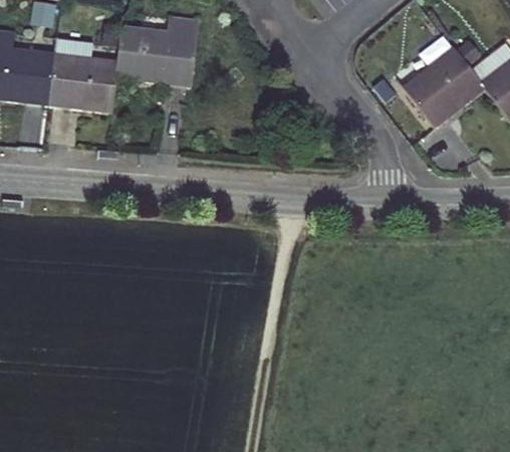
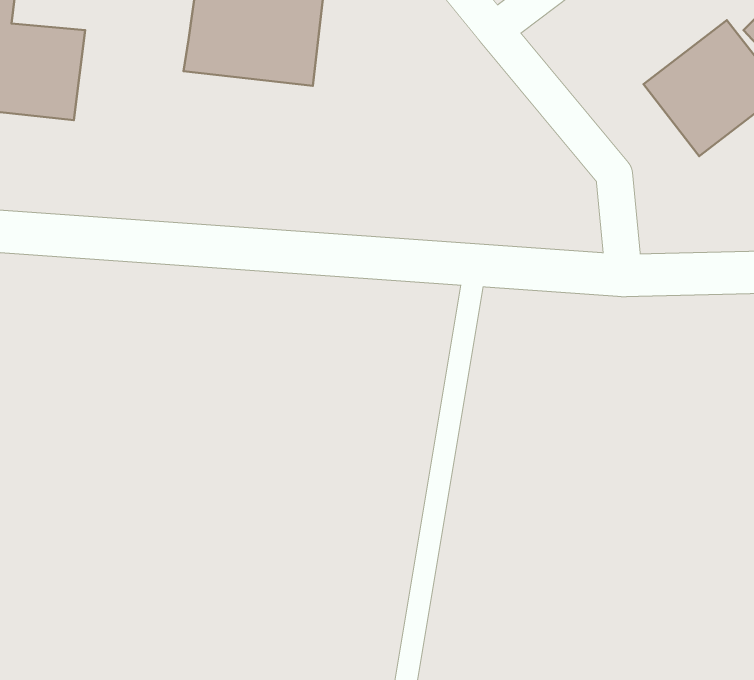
building: [47,50,117,110] -> none

